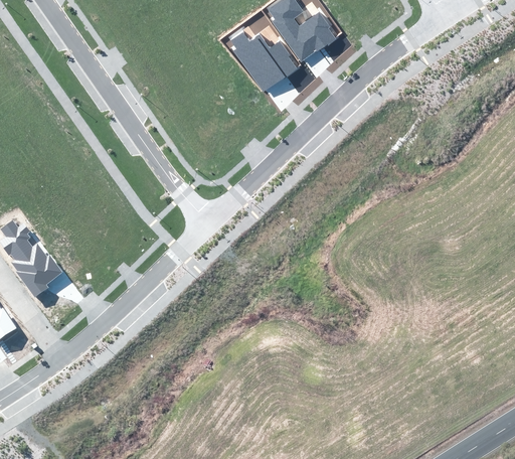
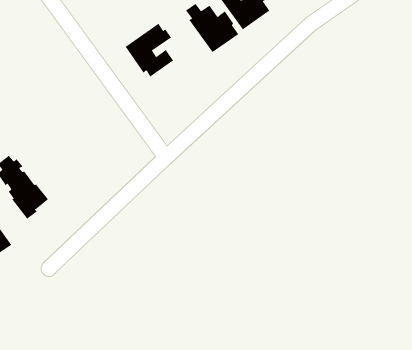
building: none -> [125,23,174,77]

